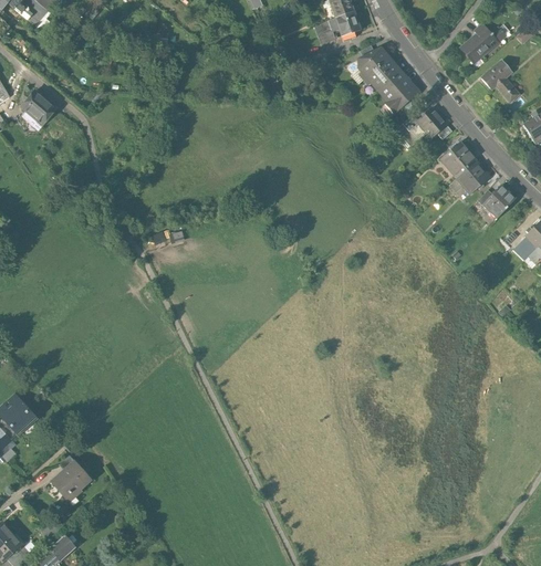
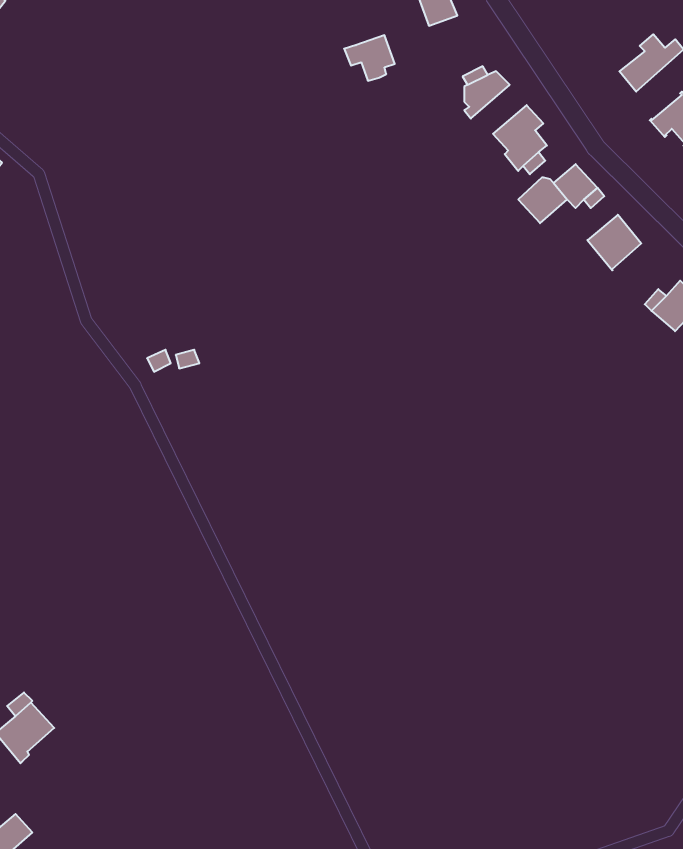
building: [327,11,361,41] -> [344,35,395,81]
building: [363,56,399,88] -> none
building: [456,160,489,193] -> none

